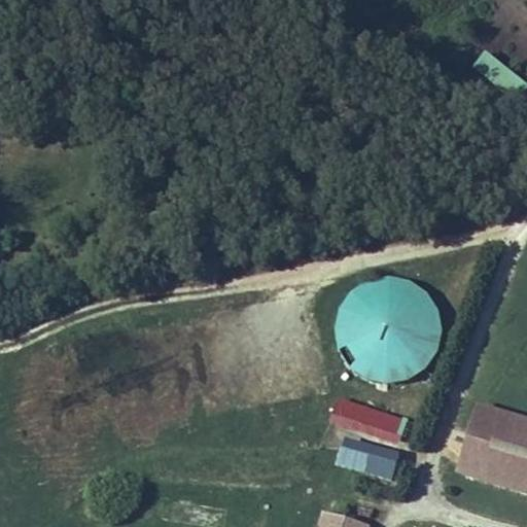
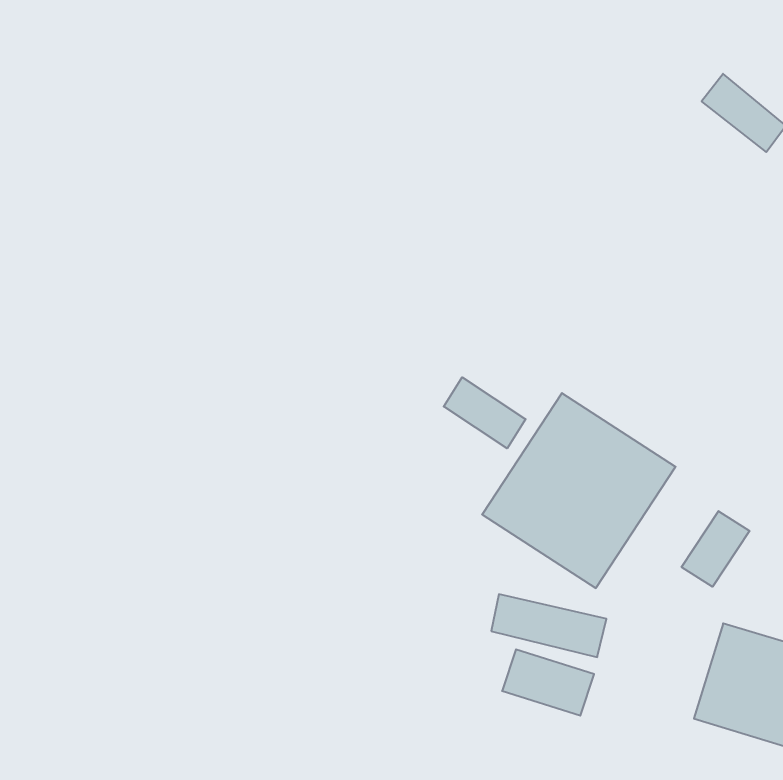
building: none -> [444,377,526,448]
building: none -> [682,511,749,587]

